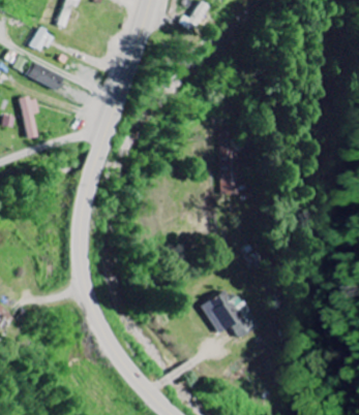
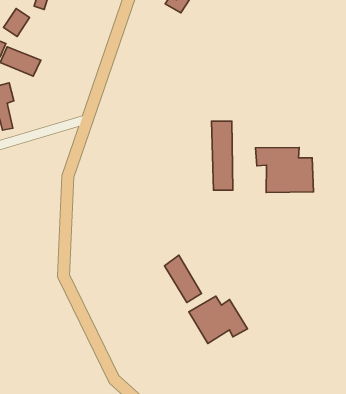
building: none -> [255,147,313,192]
building: none -> [165,255,201,302]

